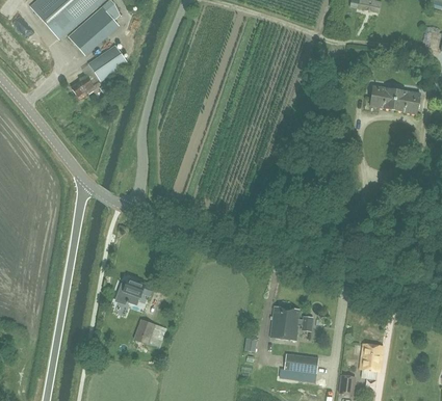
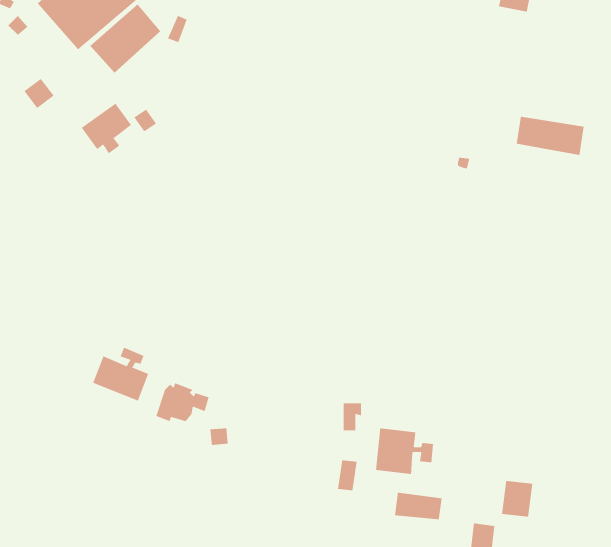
building: [87,44,127,81] -> none
building: none -> [92,347,149,401]
building: [133,318,166,346] -> none

